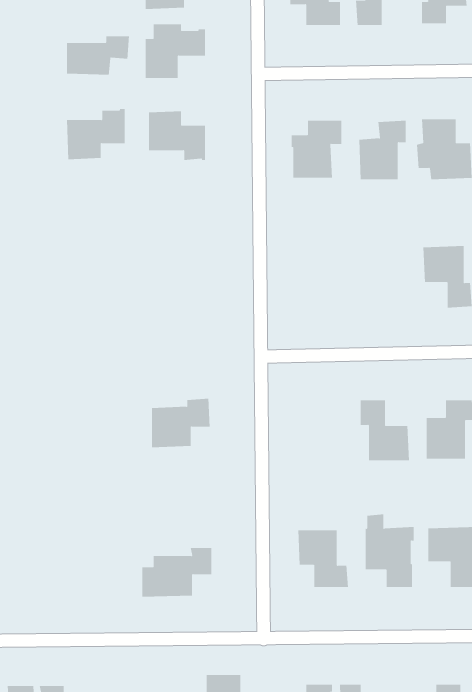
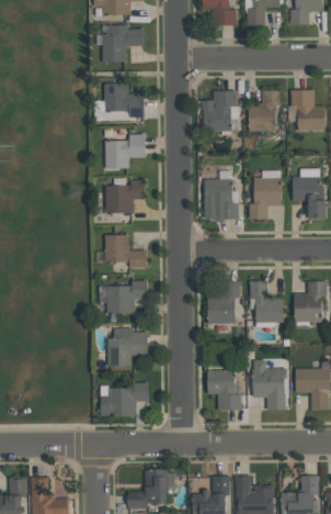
building: [67,35,130,76] -> none
building: [66,108,125,160] -> [105,133,146,168]
building: none -> [254,177,282,219]
building: none -> [204,178,239,222]
building: none -> [105,179,146,212]
building: none -> [105,235,148,268]
building: none -> [208,281,241,323]
building: none -> [109,328,148,366]

